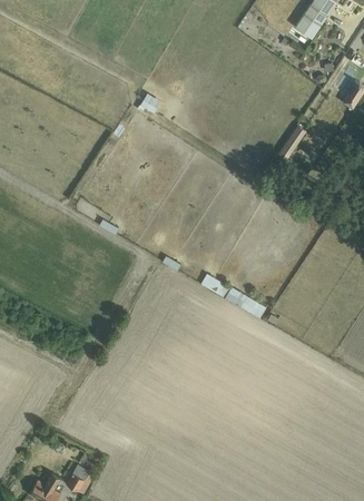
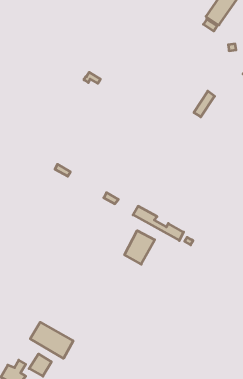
building: none -> [125,231,155,264]
building: none -> [30,322,73,358]

